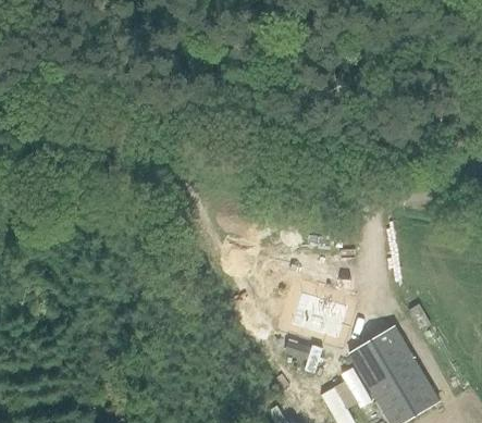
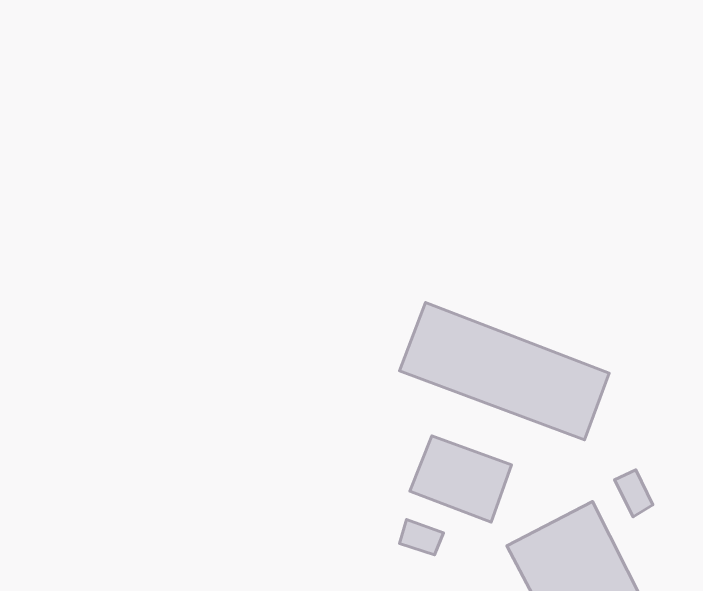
building: none -> [400,303,609,440]

